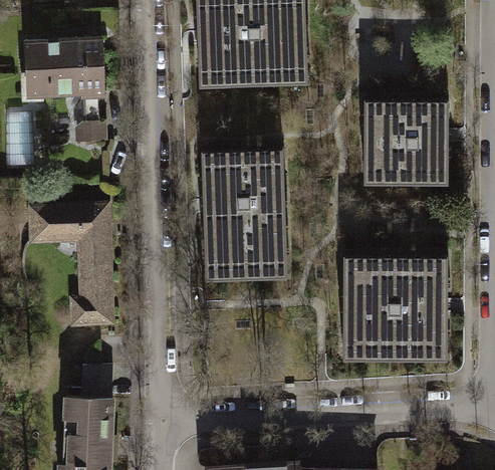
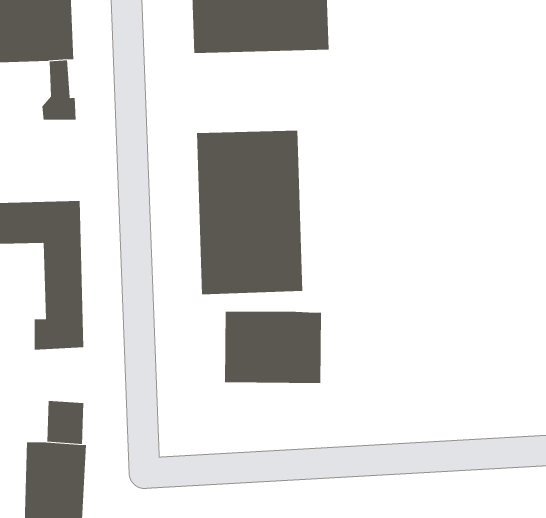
building: [363,99,448,186] -> none
building: [341,255,447,360] -> none
building: none -> [225,311,321,384]

